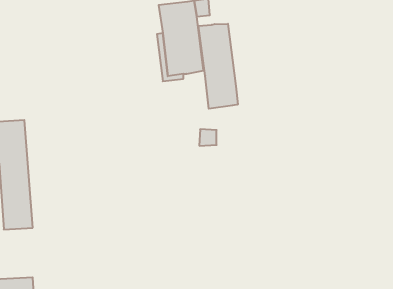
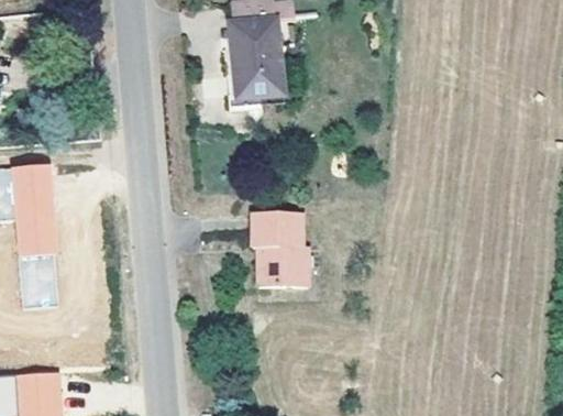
building: [199,24,238,109] -> none
building: none -> [251,214,307,286]

